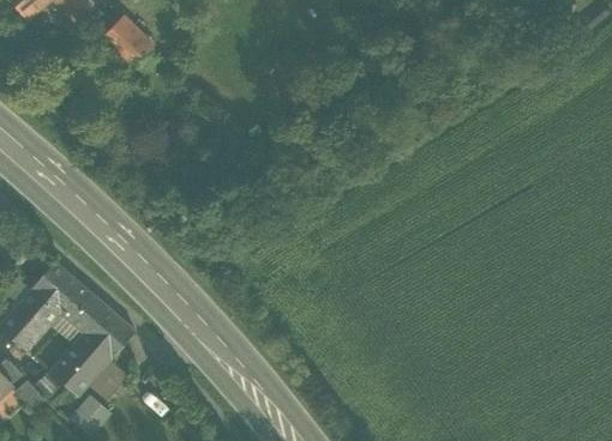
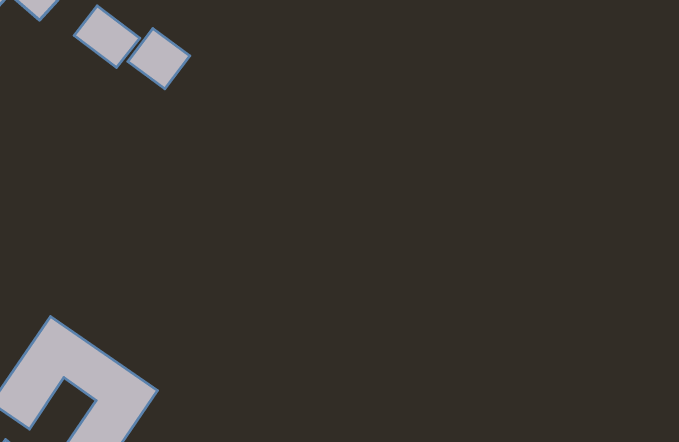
building: none -> [128,28,190,89]

